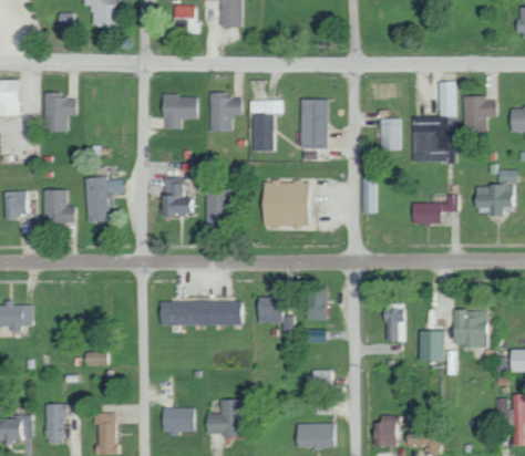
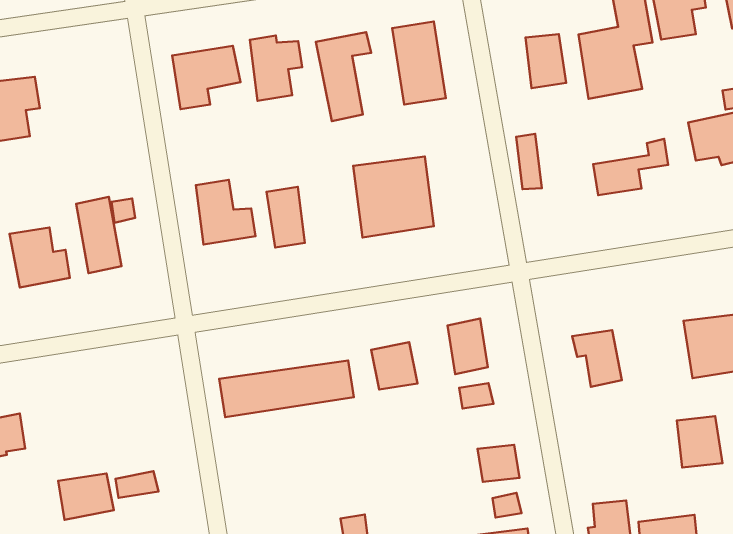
building: [419,331,444,362] -> [677,416,723,468]
building: none -> [58,473,114,520]

